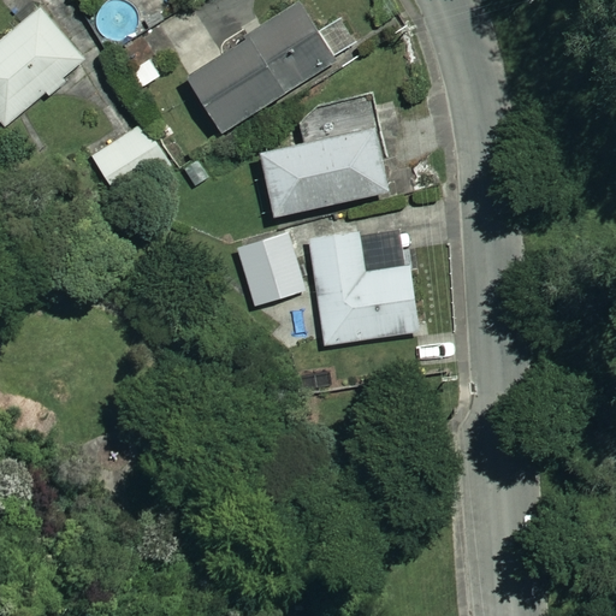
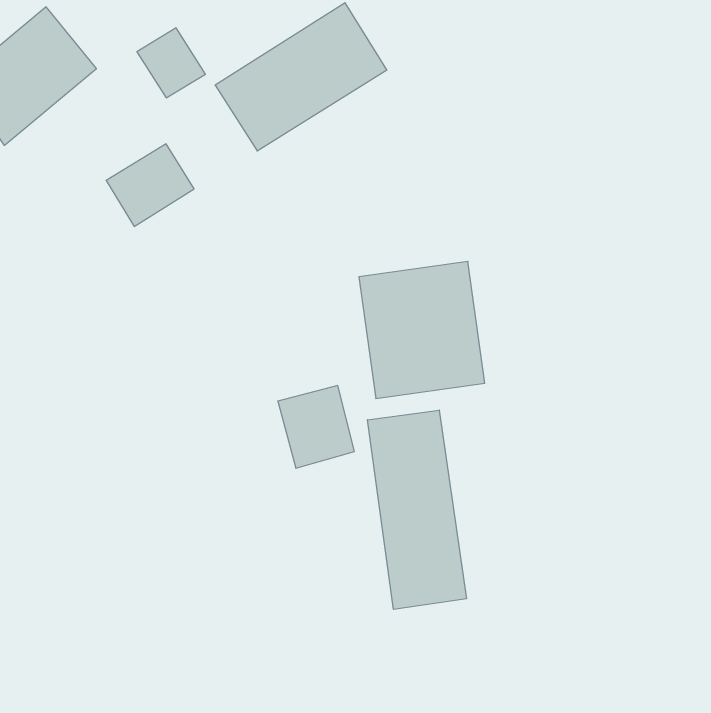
building: [260,103,386,215] -> none
building: [237,235,303,306] -> [278,386,354,468]
building: none -> [368,410,466,609]

